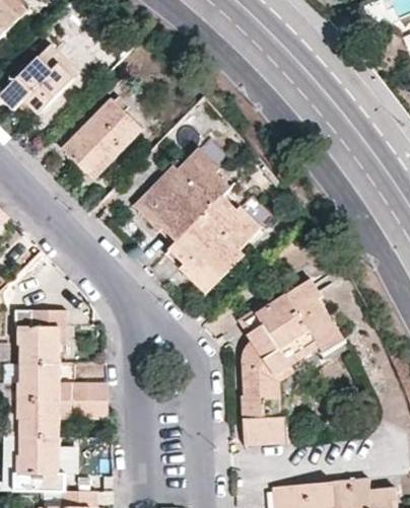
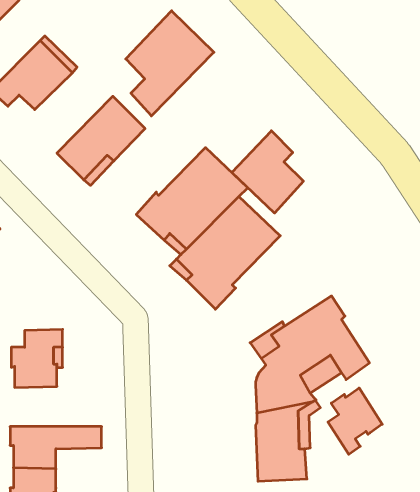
building: none -> [126,11,214,116]
building: none -> [232,131,303,213]
building: [17,362,100,398] -> none
building: none -> [328,388,382,454]

